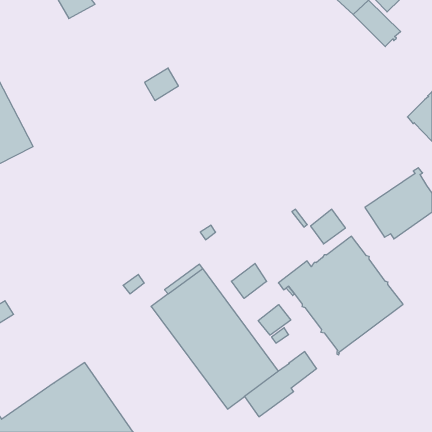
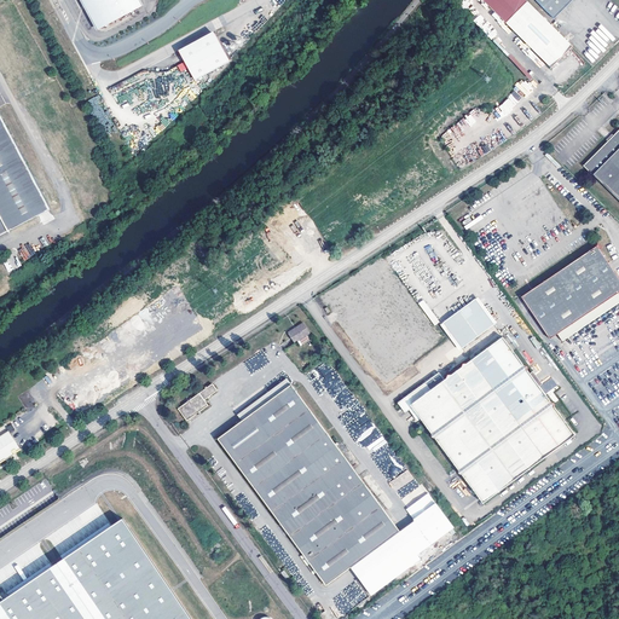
building: [145,68,178,100] -> [179,33,227,79]
building: [231,263,267,298] -> none
building: [258,305,291,335] -> none

